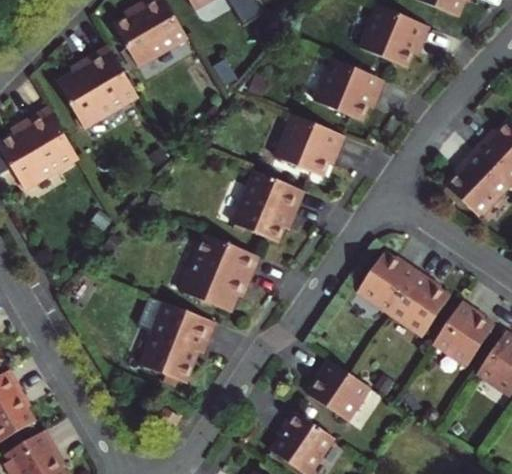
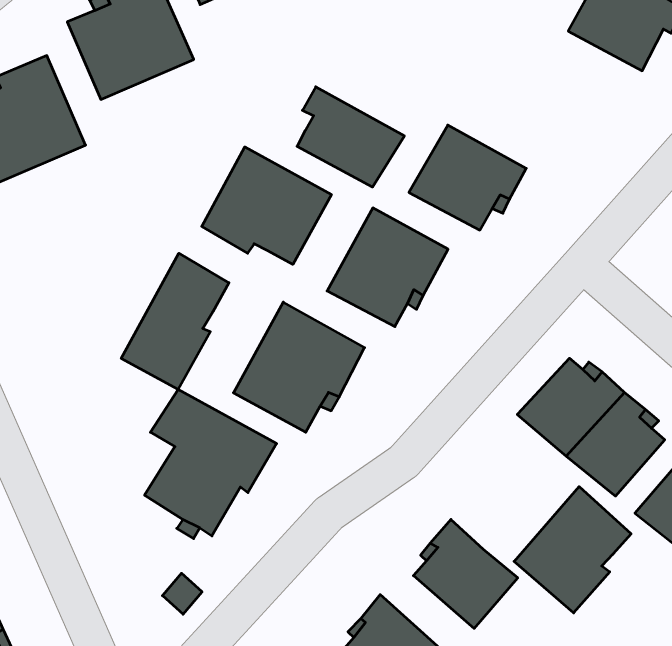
building: [316,59,385,122] -> none
building: none -> [297,87,404,187]
building: none -> [202,147,331,264]
building: none -> [121,253,229,390]
building: none -> [514,487,631,613]

